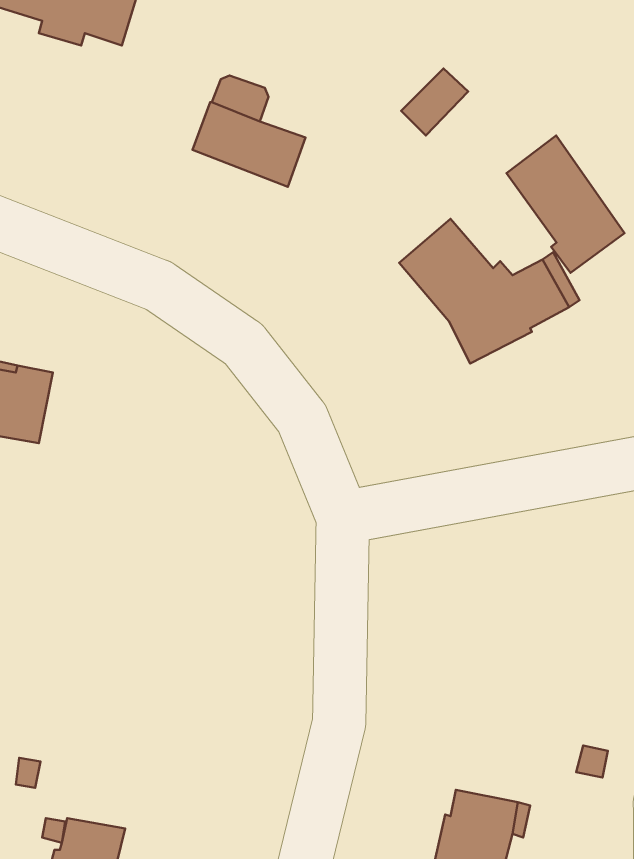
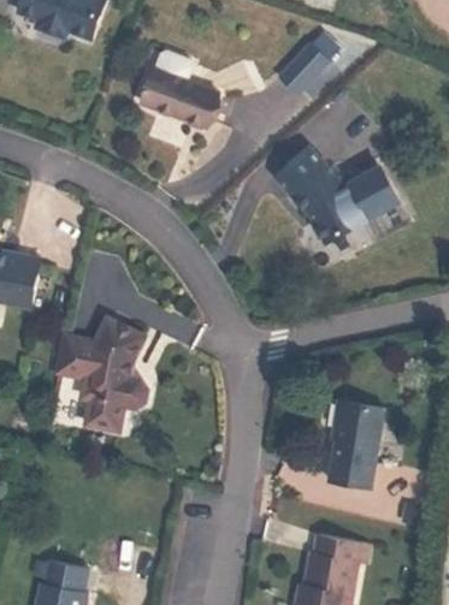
building: [506,136,625,273] -> none
building: none -> [57,313,149,425]
building: none -> [326,407,380,494]

